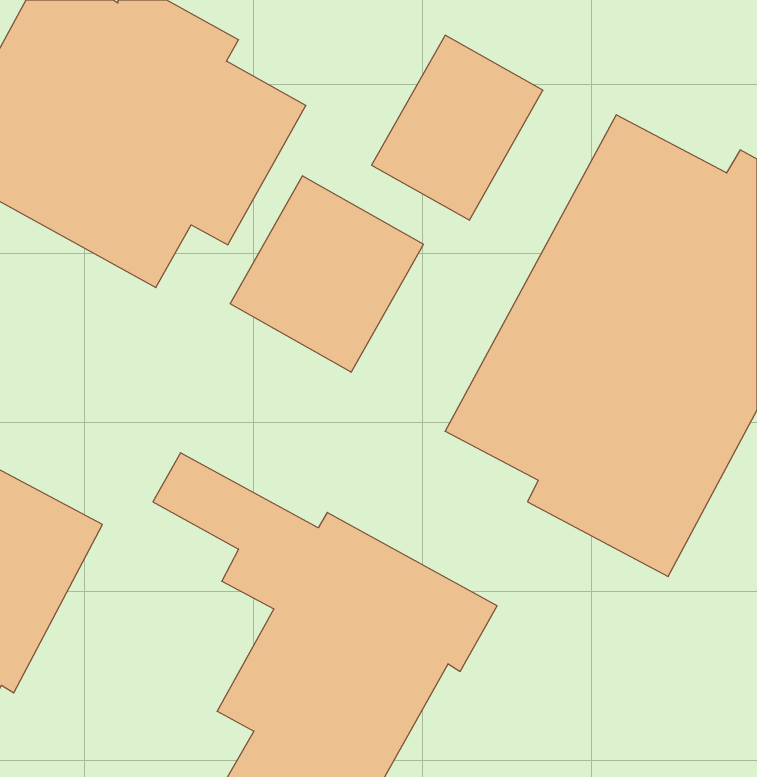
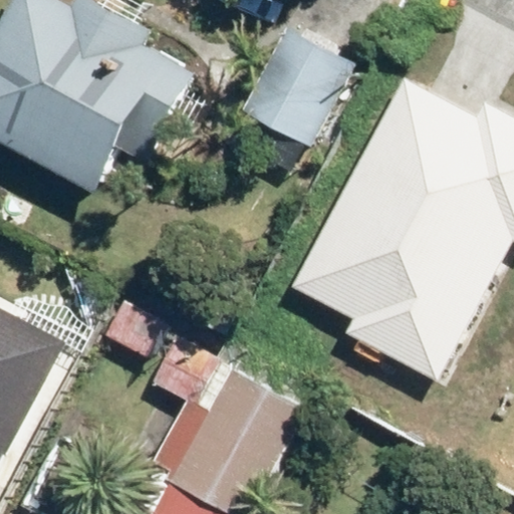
building: [230,176,423,372] -> none

